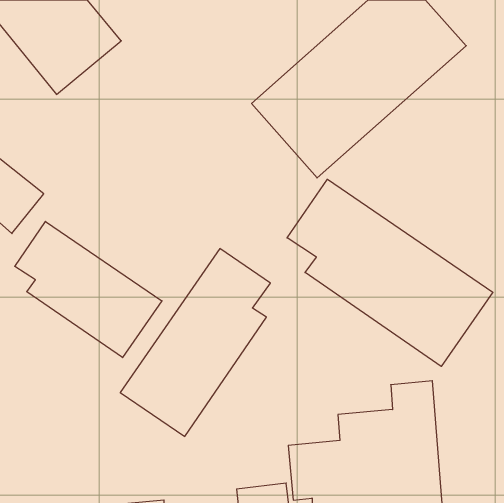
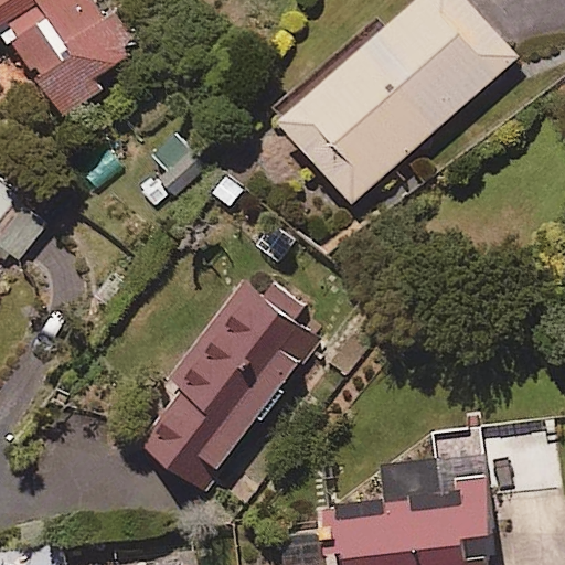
building: [287,179,493,366] -> none
building: [15,221,162,358] -> none

